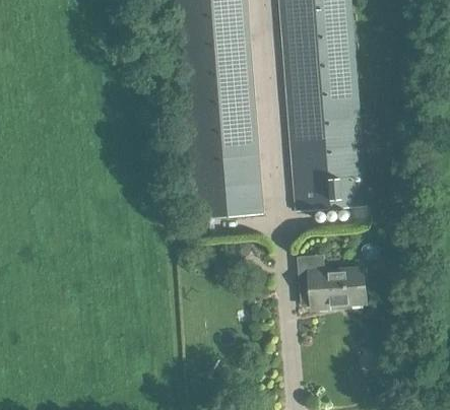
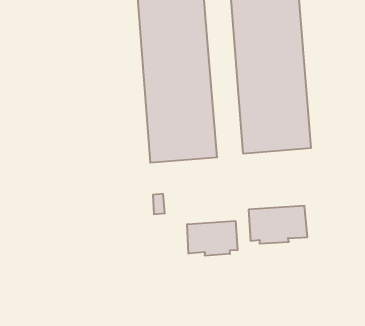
building: none -> [187,221,237,256]

